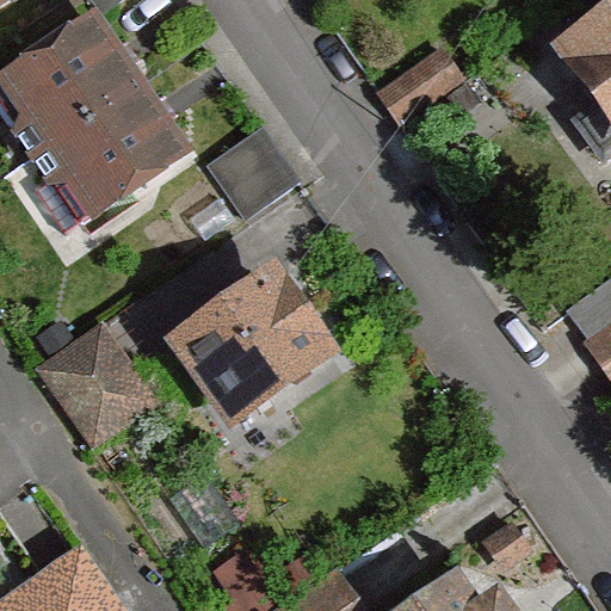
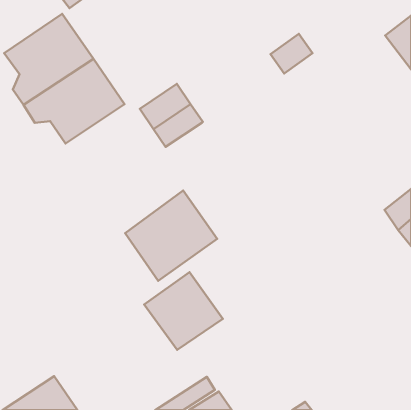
building: [44,329,154,443] -> none
building: none -> [144,272,223,350]

